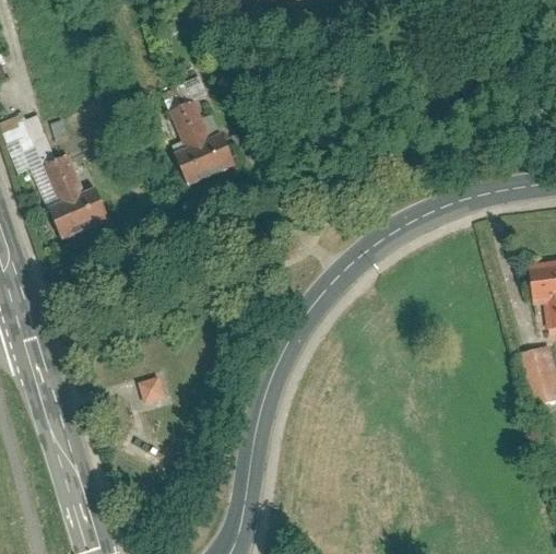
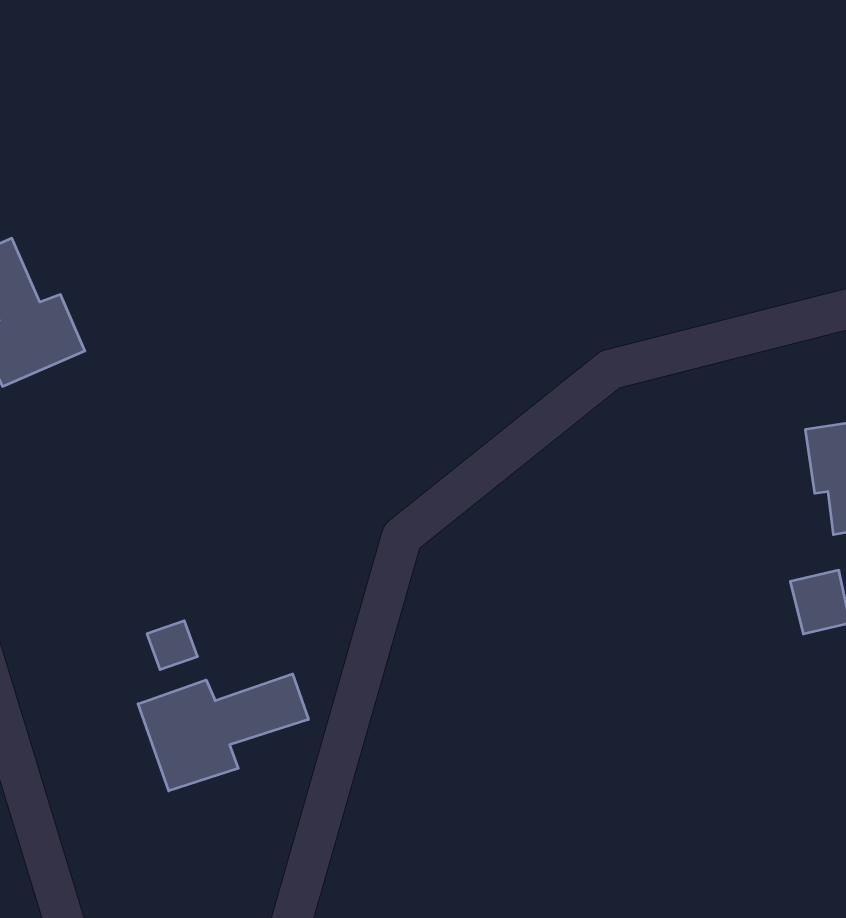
building: [168,98,235,185] -> none
building: none -> [138,674,308,791]

